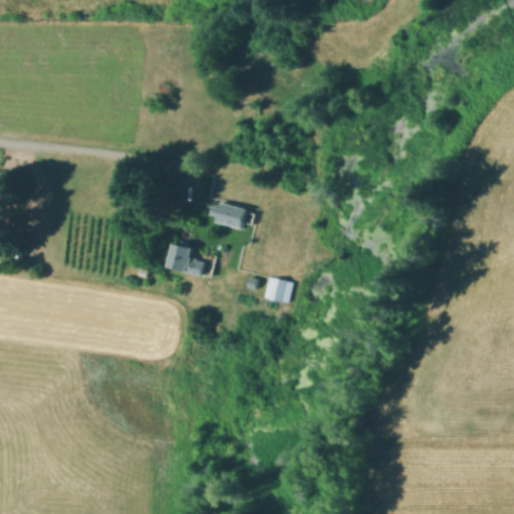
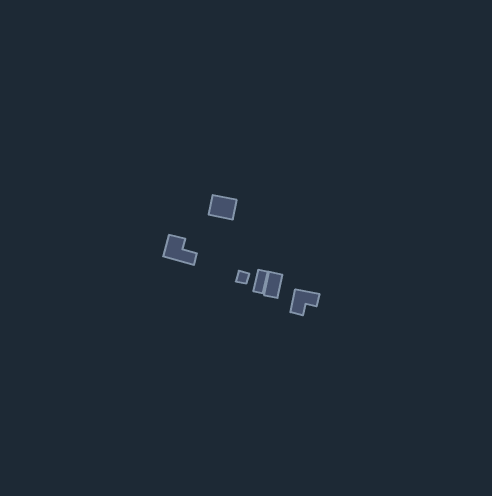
building: none -> [290,289,319,315]

